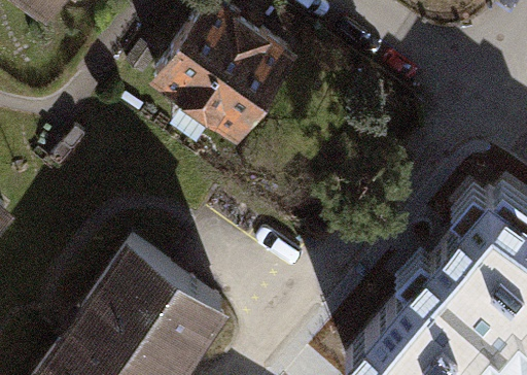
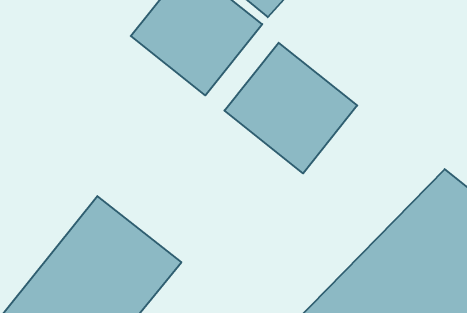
building: none -> [224,43,357,173]

